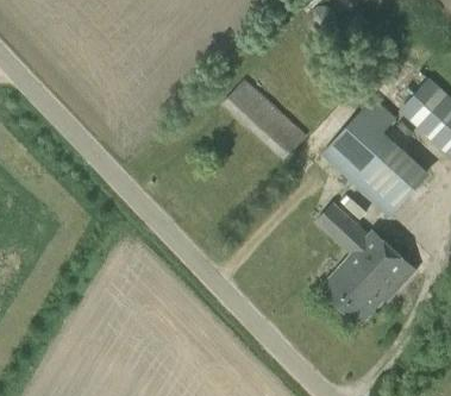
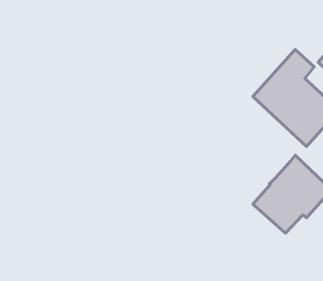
building: [221,77,306,161] -> none
building: [314,201,367,254] -> none

